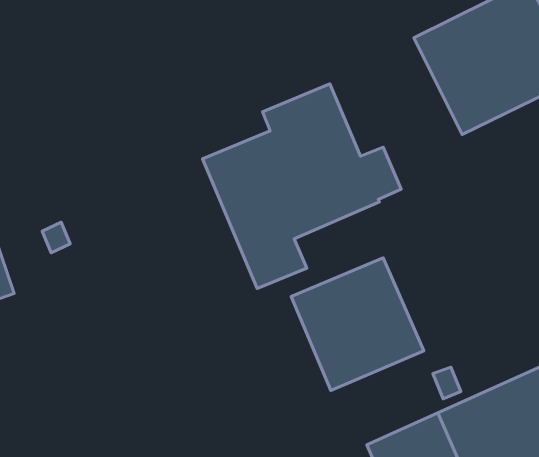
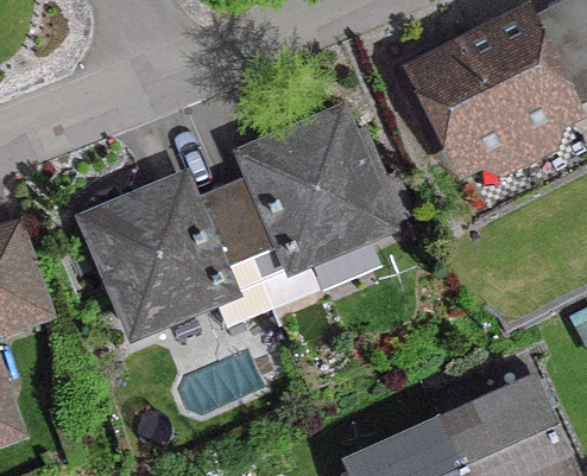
building: none -> [83,188,267,334]
building: [291,258,424,391] -> none

